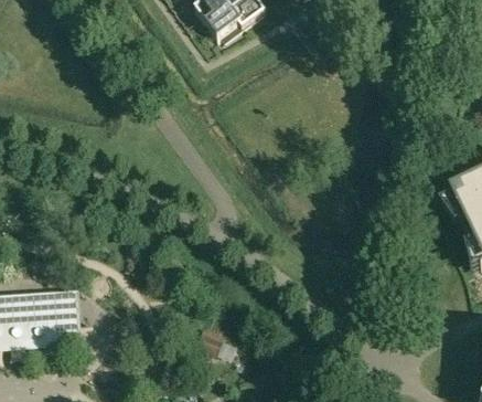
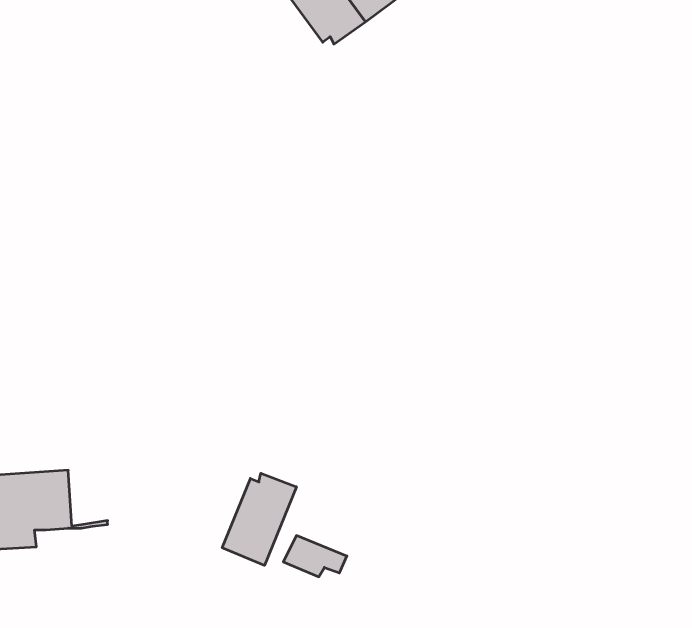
building: none -> [222,473,296,565]

